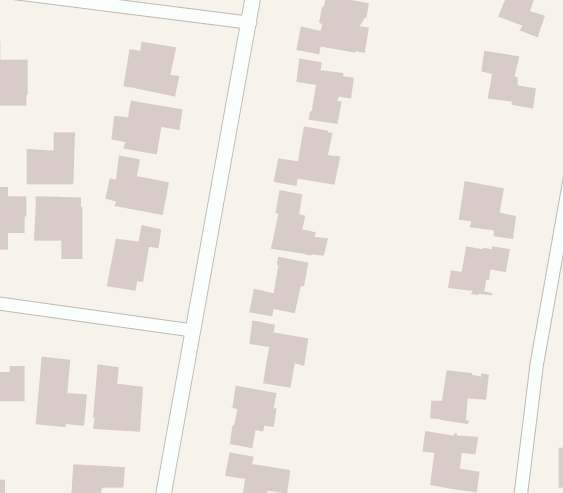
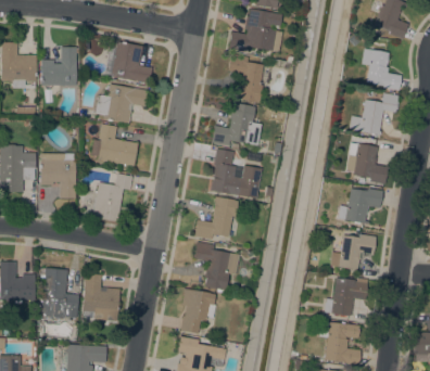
building: none -> [347,92,399,135]
building: [26,132,76,185] -> [41,47,77,85]
building: none -> [329,234,375,269]

